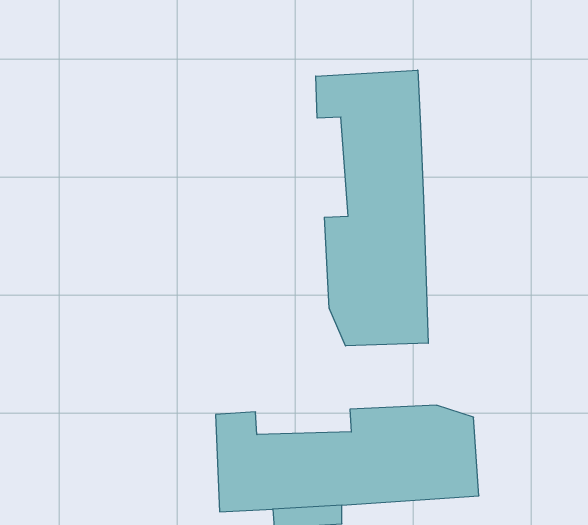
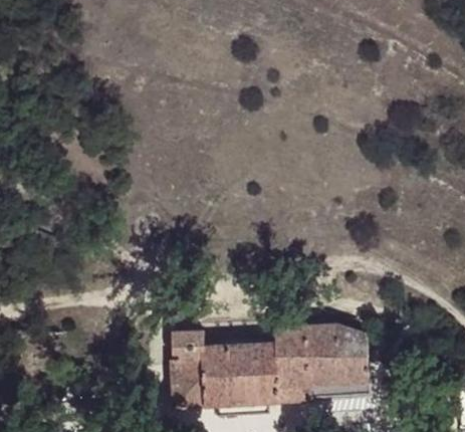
building: [316,70,428,346] -> none

